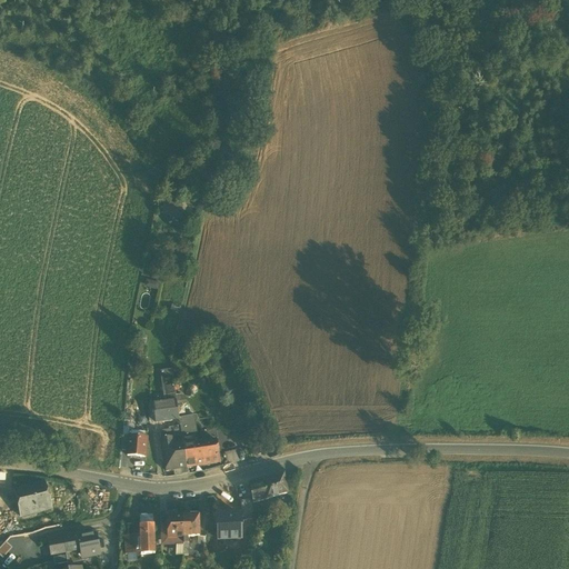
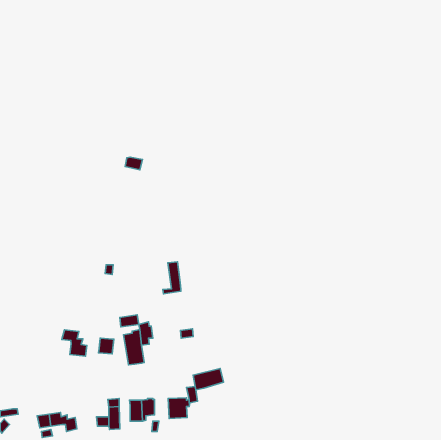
building: [153,368,177,409] -> [163,262,181,294]
building: none -> [62,330,87,356]
building: [182,439,220,467] -> none
building: [14,480,51,515] -> none

